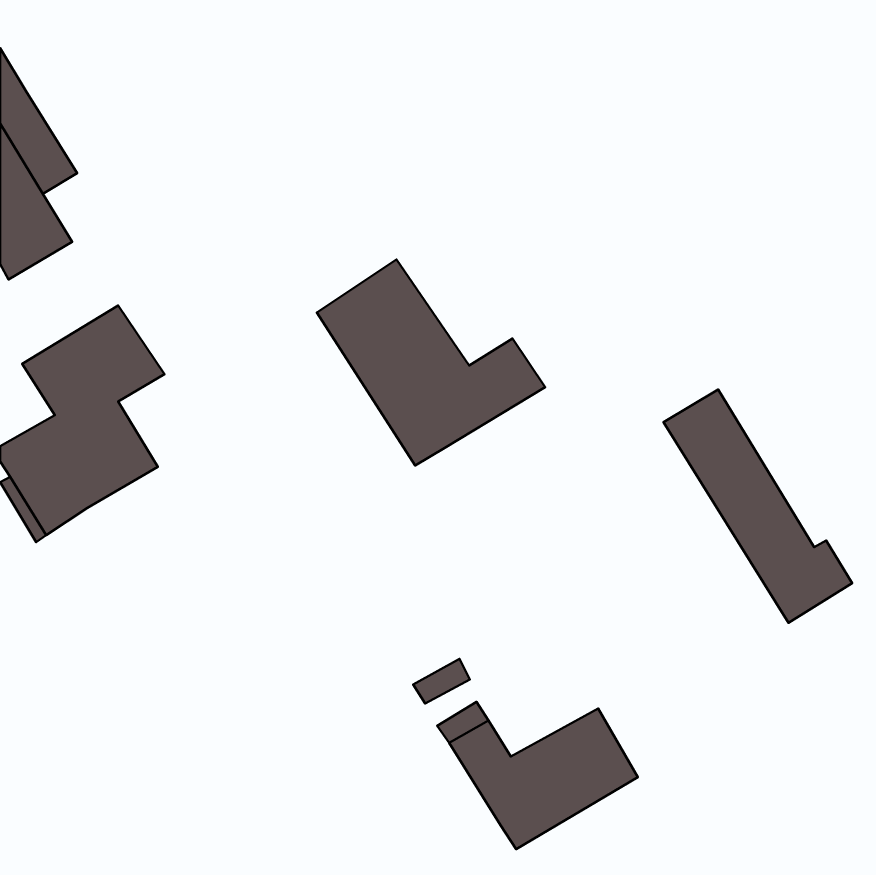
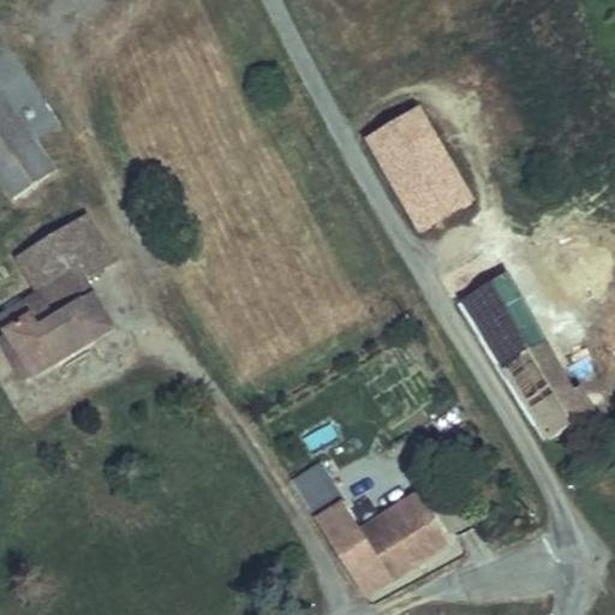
building: none -> [368,108,470,225]
building: [317,260,545,465] -> none

